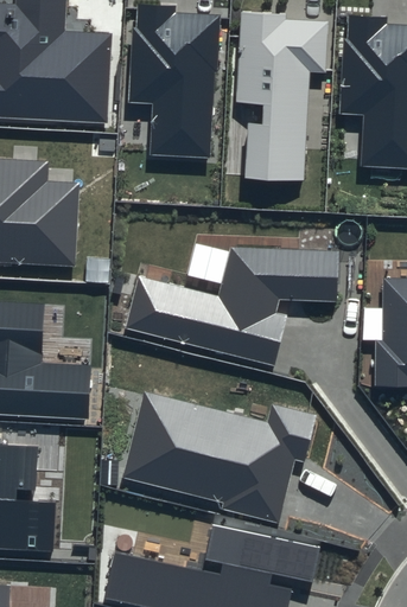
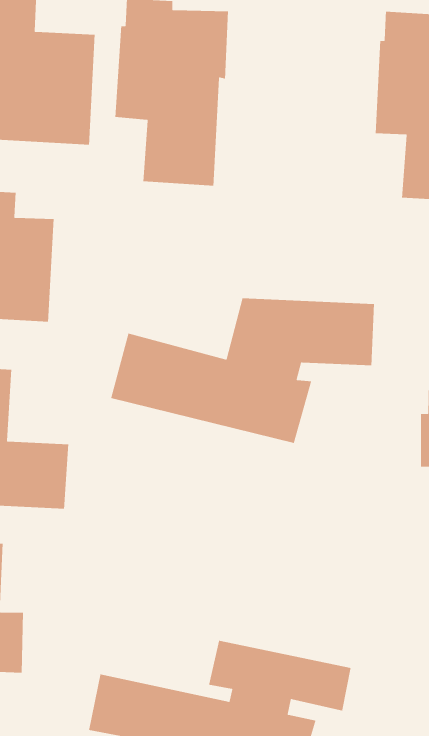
building: [236,11,327,179] -> none
building: [122,390,319,523] -> none

